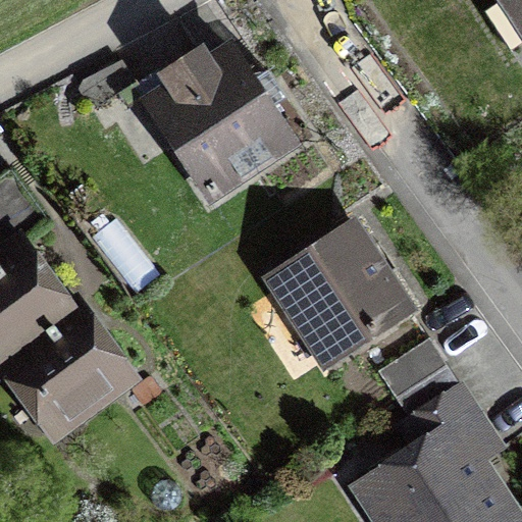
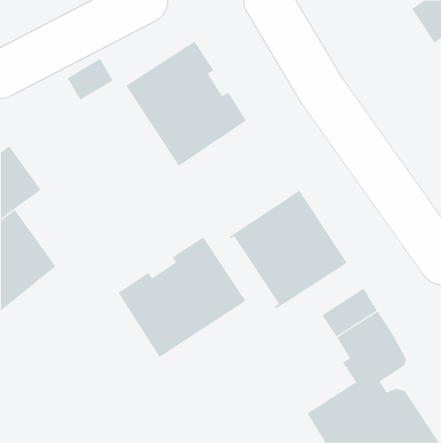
building: none -> [118,236,246,358]
building: [9,308,134,428] -> none

